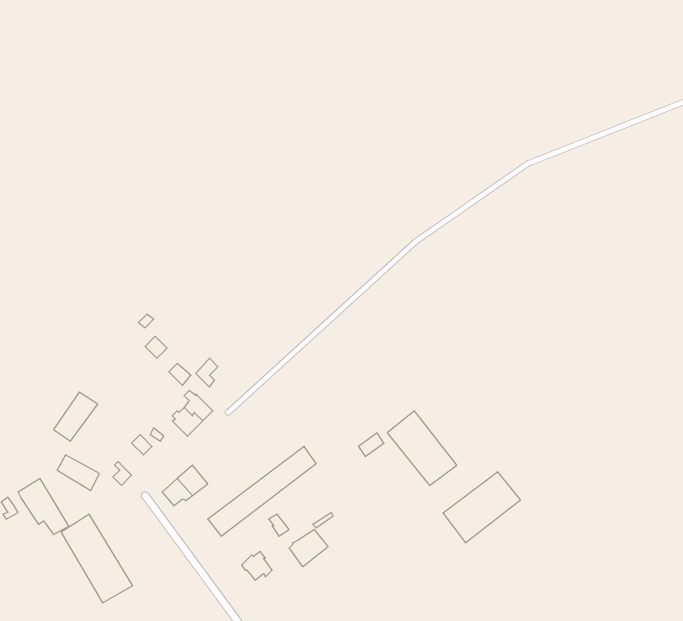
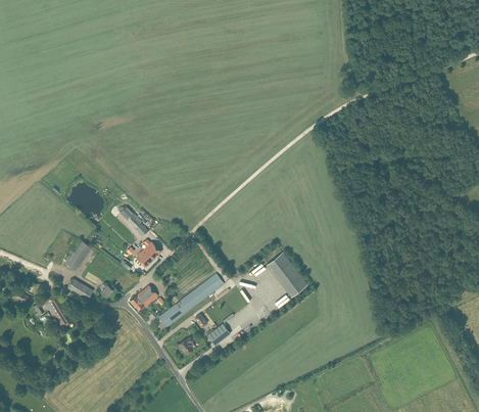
building: [443,472,520,543] -> none
building: [61,514,132,603] -> none

